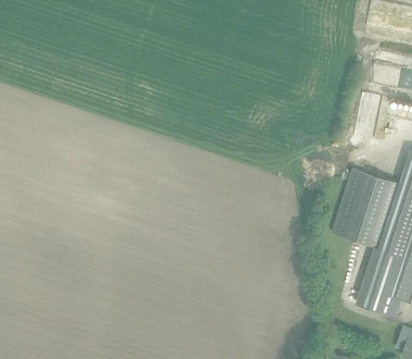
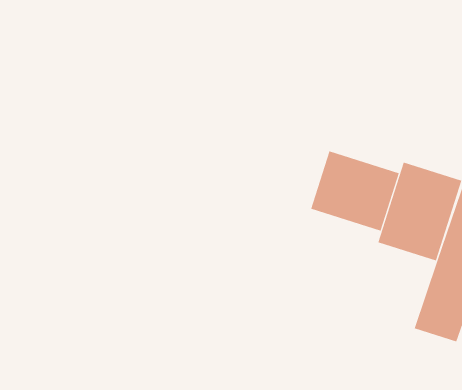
building: none -> [311,150,400,232]

